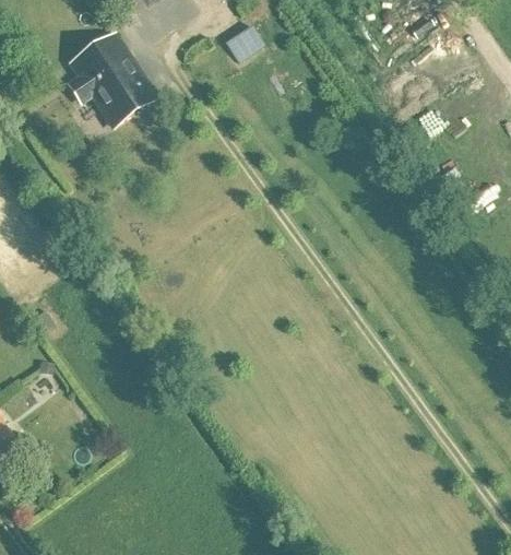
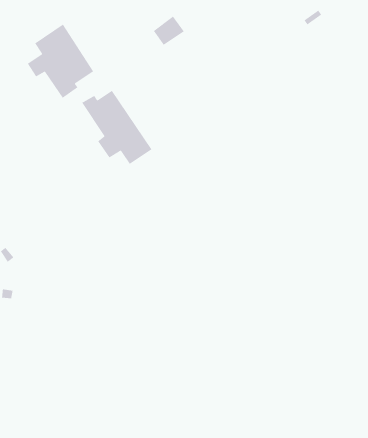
building: none -> [81,90,153,165]

